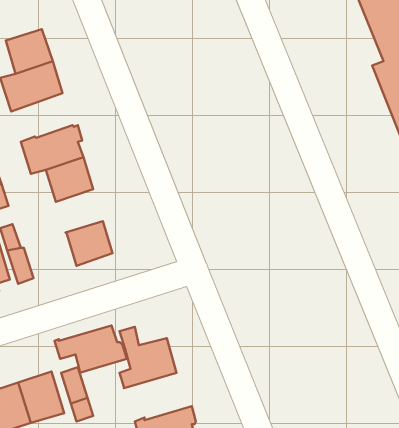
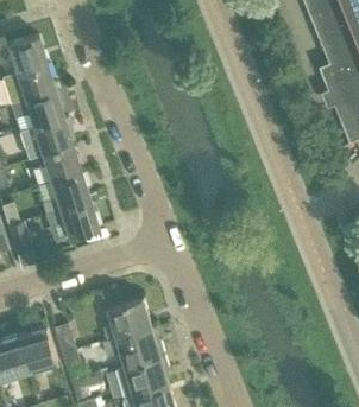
building: none -> [11,93,63,131]
building: none -> [40,174,89,217]
building: [55,325,127,373] -> [103,331,165,371]

